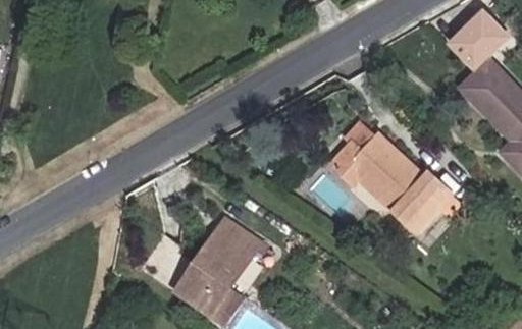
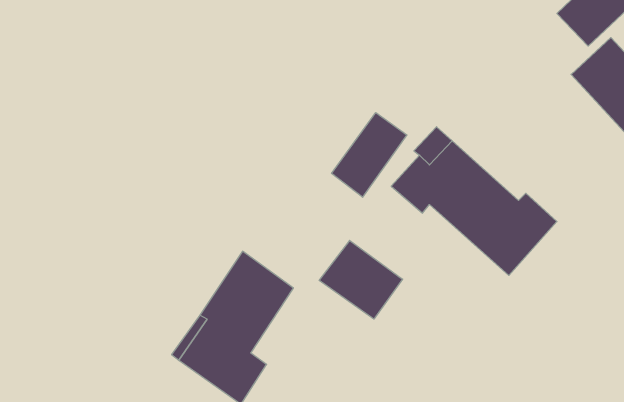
building: none -> [332,113,407,197]
building: none -> [319,240,403,319]

